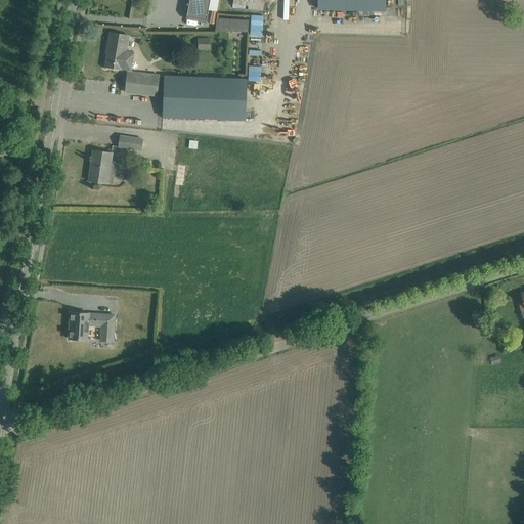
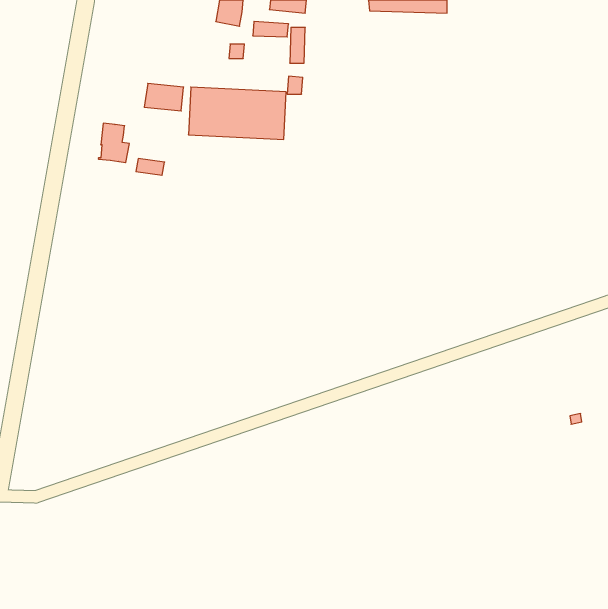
building: [104,33,134,71] -> none
building: [88,150,115,184] -> [98,123,129,163]
building: [68,312,114,341] -> none

